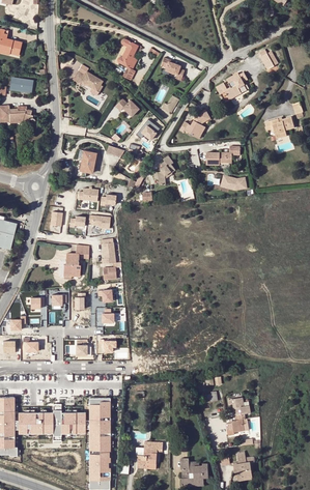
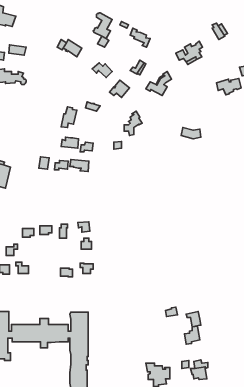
building: [205,146,239,165] -> none
building: [101,238,119,280] -> none
building: [65,244,87,276] -> none
building: [136,441,163,468] -> none

